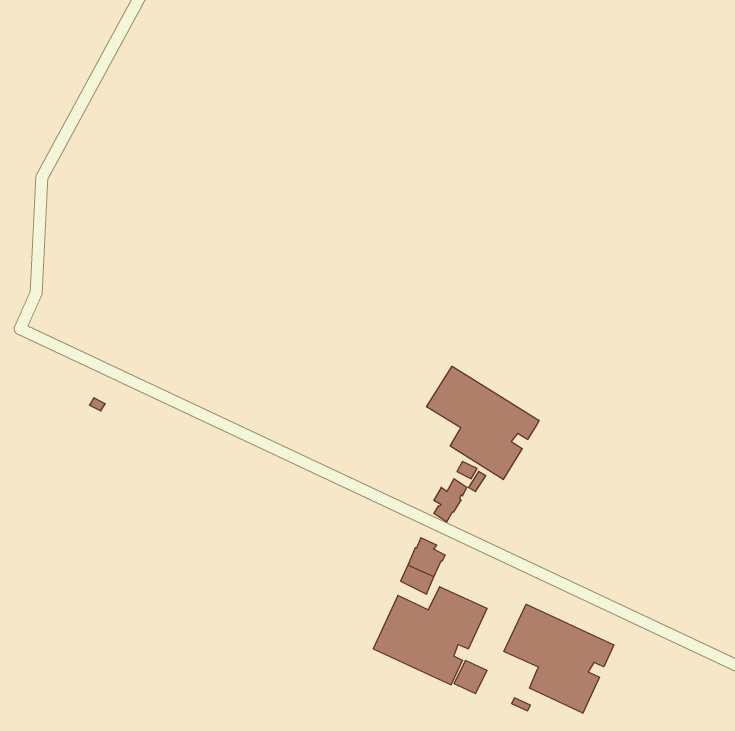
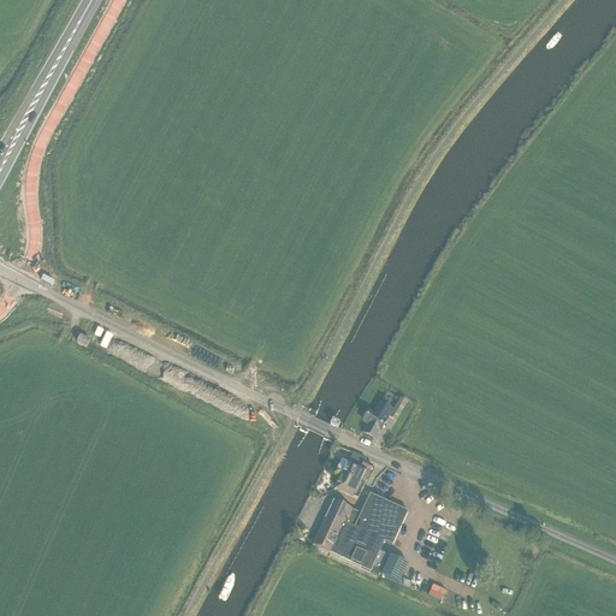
building: [427,366,539,480] -> none
building: [504,604,614,713] -> none

